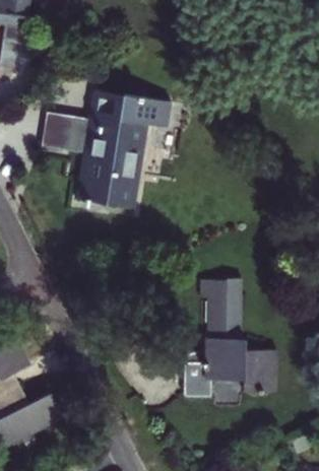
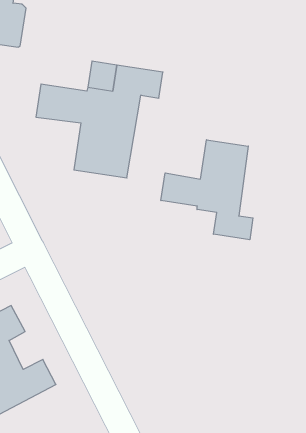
building: none -> [161,140,253,240]
building: [180,279,273,398] -> none

